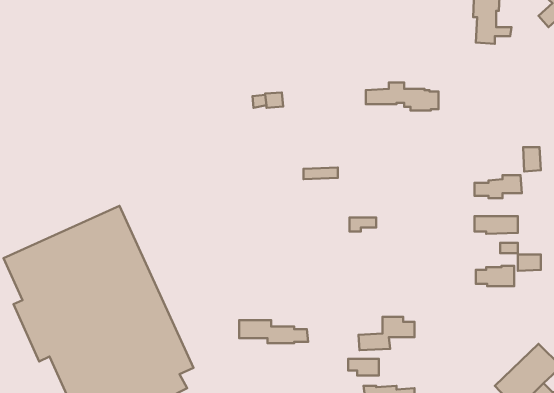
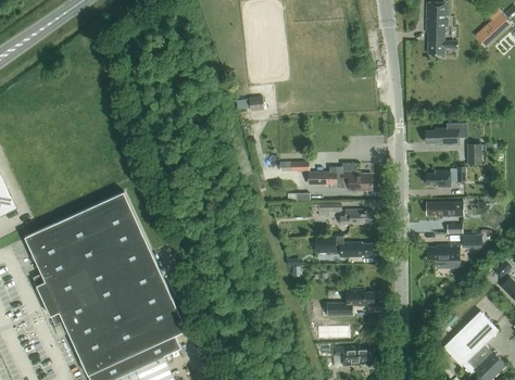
building: [366,82,439,111] -> [311,167,373,191]
building: none -> [426,128,459,145]
building: none -> [341,210,374,225]
building: [239,320,308,343] -> [316,237,375,256]

